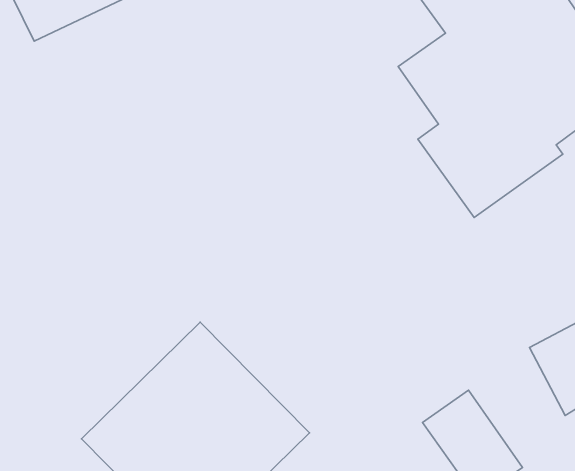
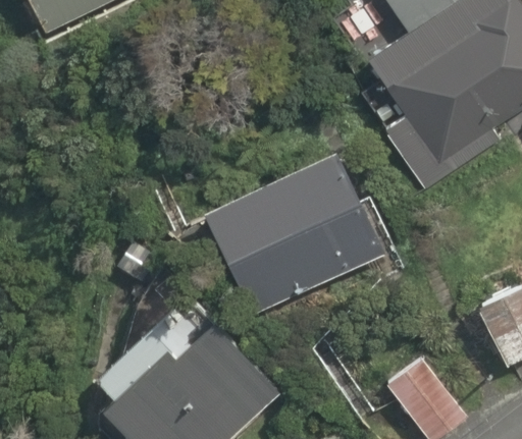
building: none -> [205,153,379,313]

